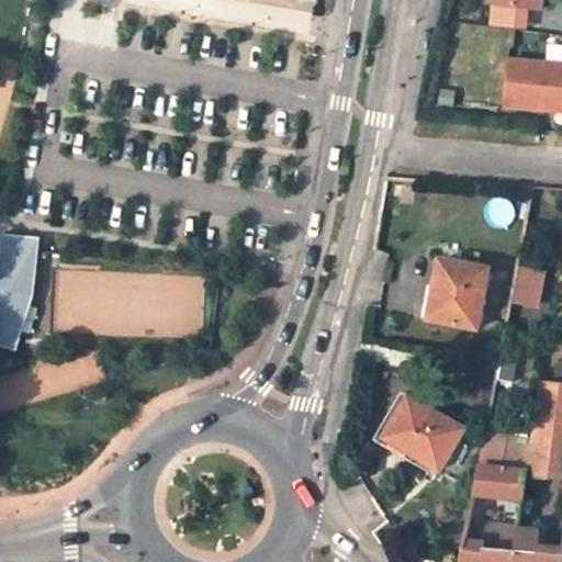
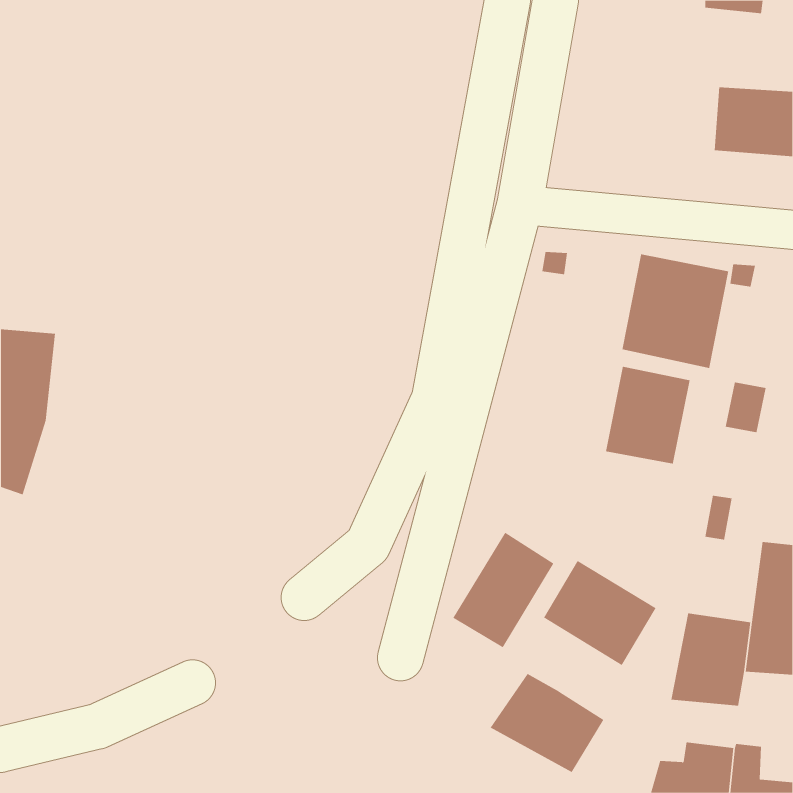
building: none -> [622,254,729,369]
building: none -> [453,532,554,648]
building: none -> [490,673,604,773]

